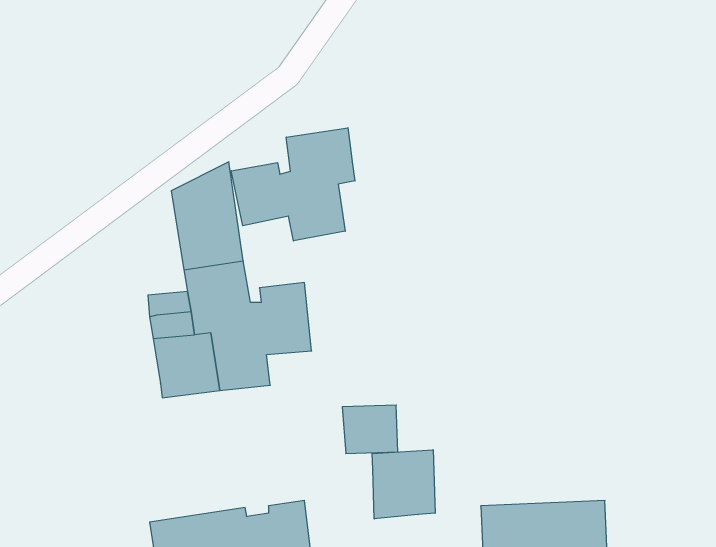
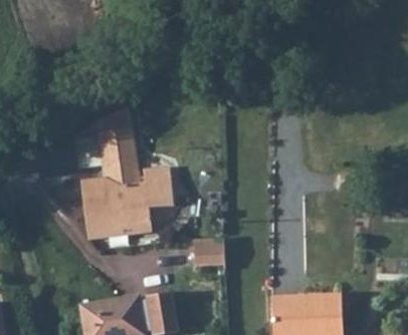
building: [231,128,355,241] -> none
building: [372,450,435,519] -> none

